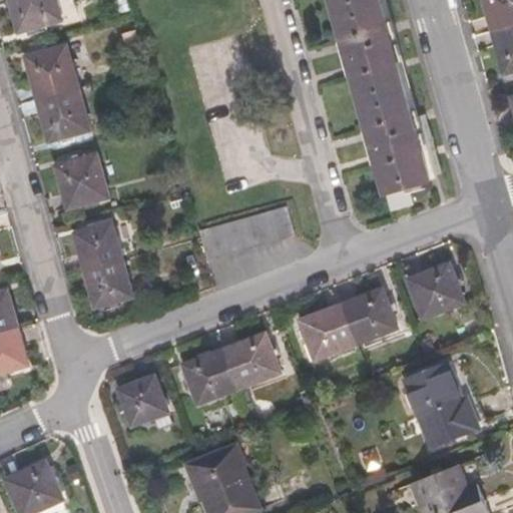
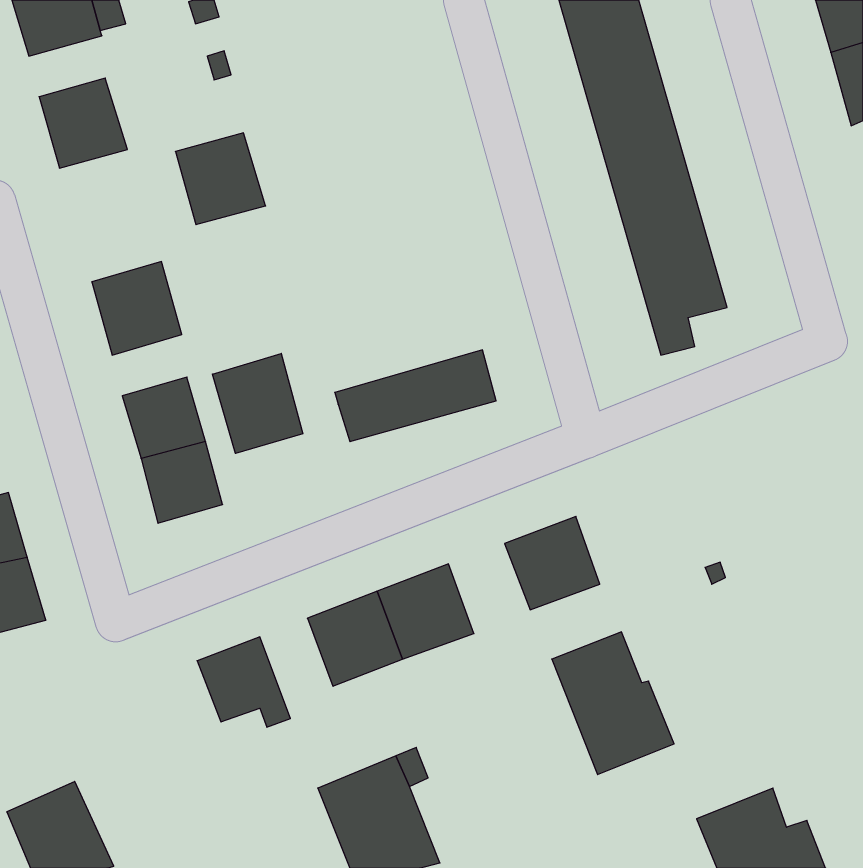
building: [35,88,88,142] -> [175,133,266,225]
building: none -> [212,353,303,453]
building: [406,263,463,319] -> none
building: [340,289,396,345] -> none
building: [404,363,476,447] -> [552,632,674,775]

